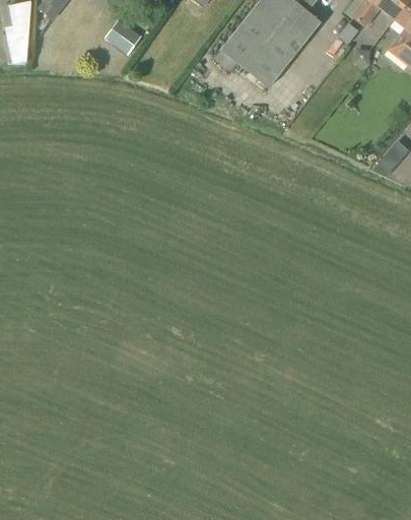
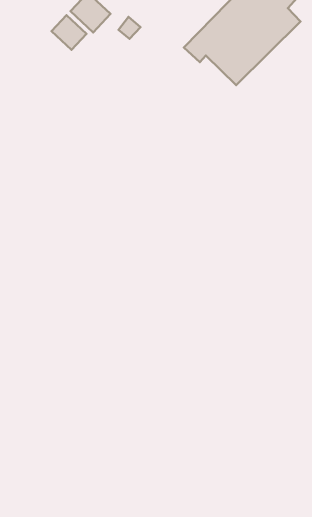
building: none -> [52,15,87,50]

